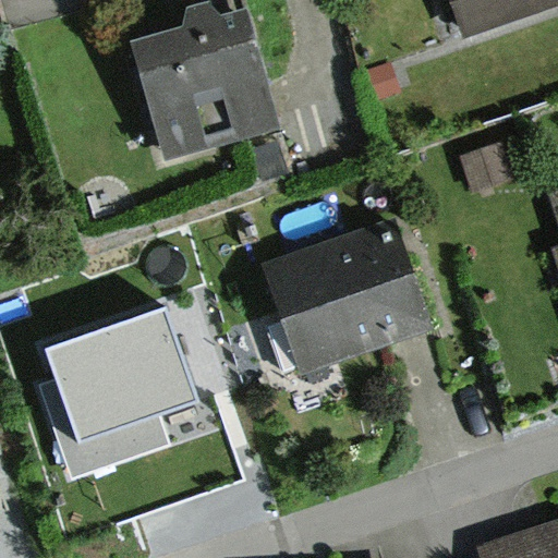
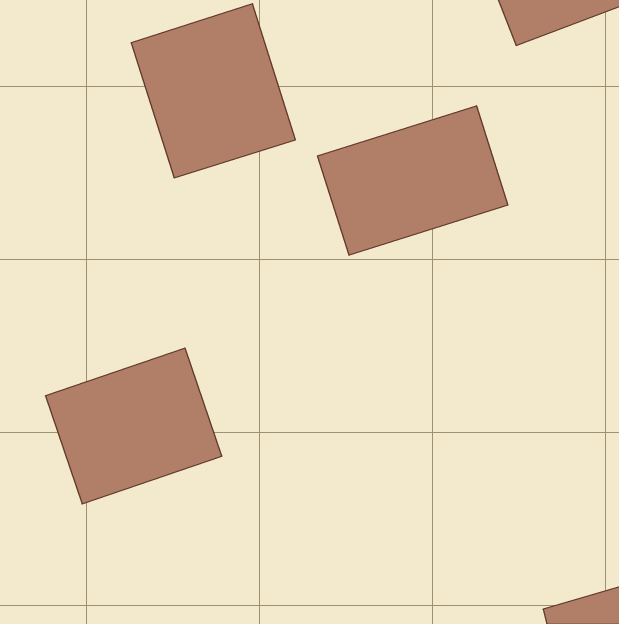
building: none -> [318,106,508,255]
building: [266,228,424,371] -> none

